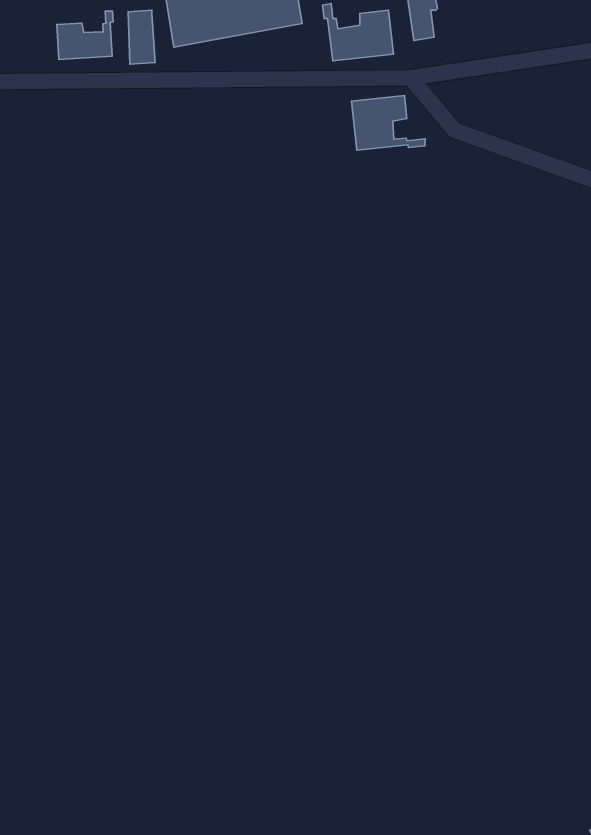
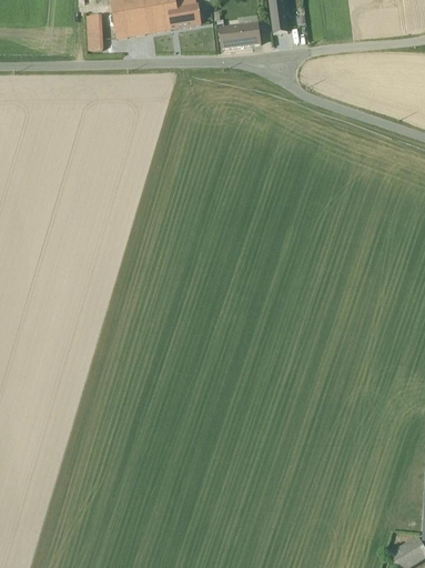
building: [57,11,113,60] -> none
building: [352,95,425,150] -> none

